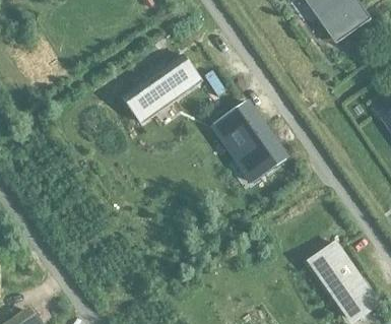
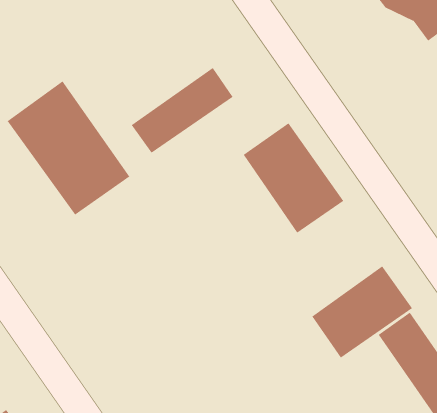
building: none -> [7,81,130,216]
building: none -> [311,266,413,359]

